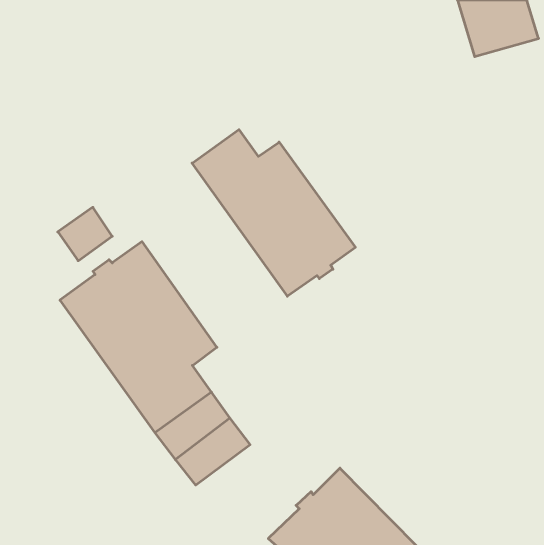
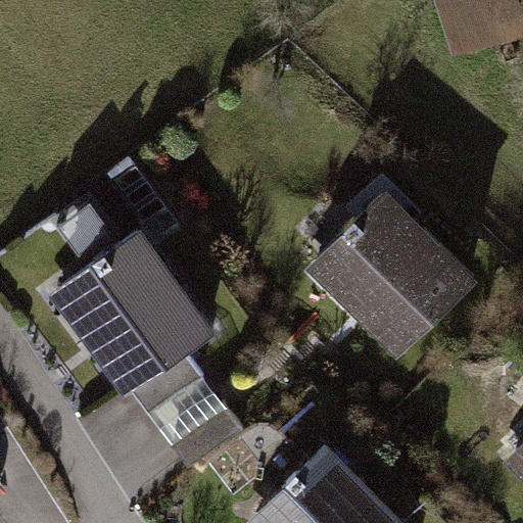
building: [192,130,355,296] -> none
building: none -> [313,196,472,354]

